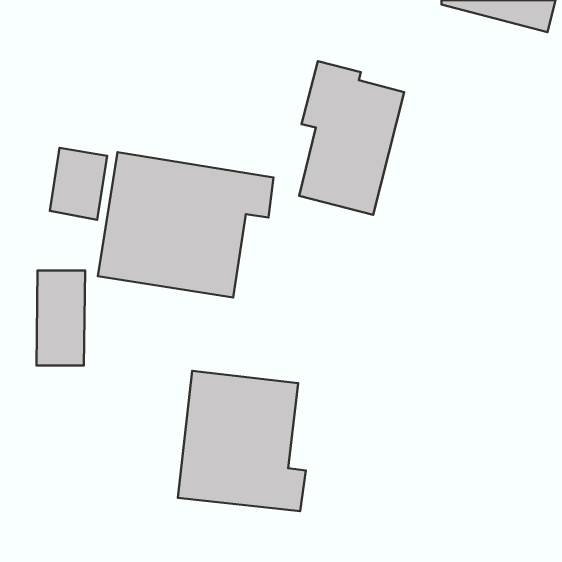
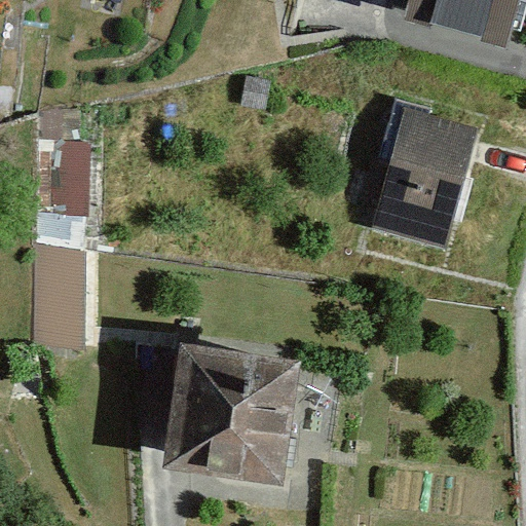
building: [299,61,404,215] -> [377,102,475,245]
building: [98,152,274,297] -> none

